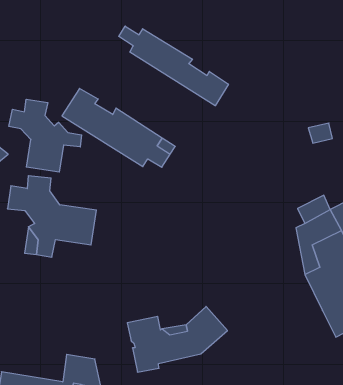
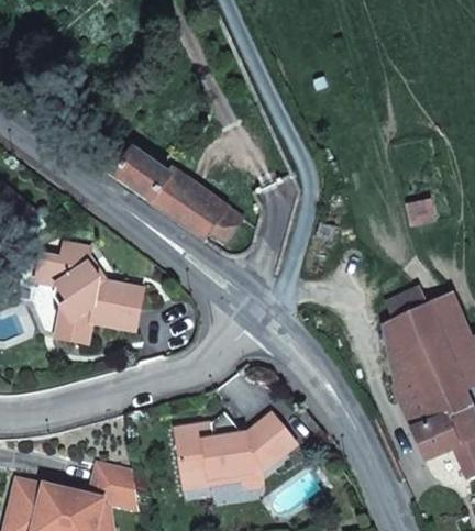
building: [119,26,228,106] -> none
building: [9,99,82,172] -> none

